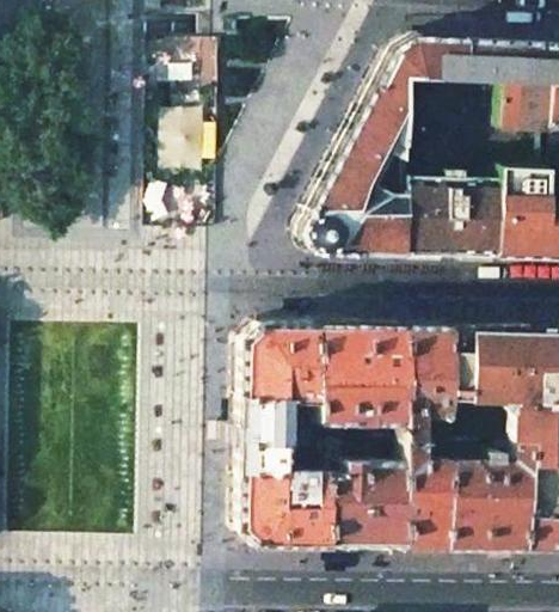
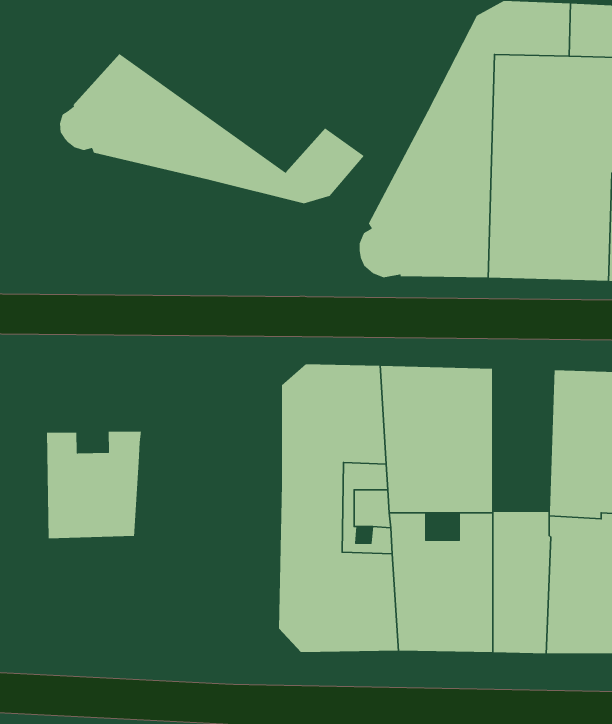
building: none -> [59,53,365,204]
building: [411,328,459,440] -> none
building: none -> [46,431,142,539]

